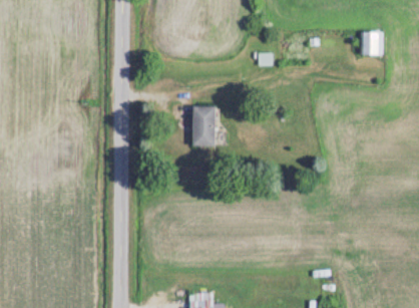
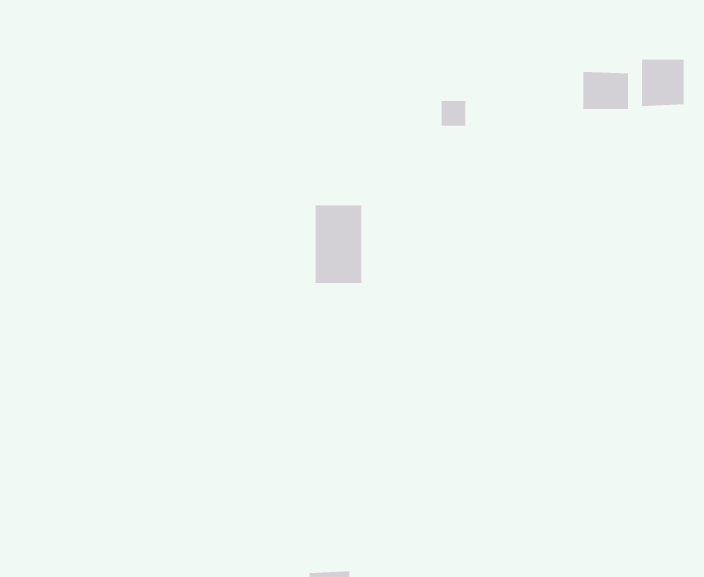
building: none -> [583,71,629,110]

